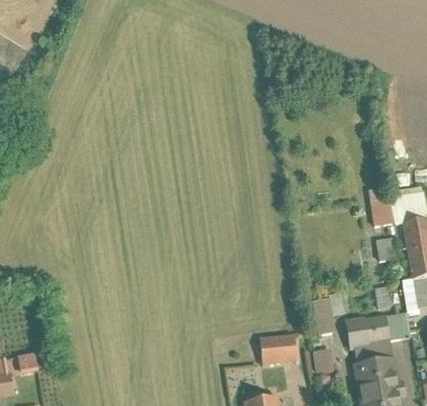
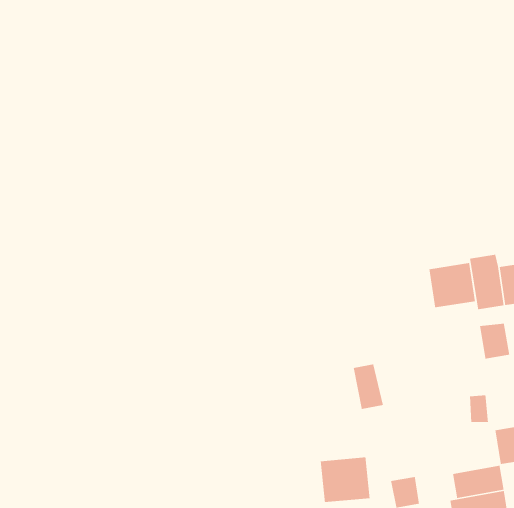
building: none -> [429,262,476,308]
building: [310,300,333,333] -> [353,363,384,410]
building: [346,315,391,348] -> none

